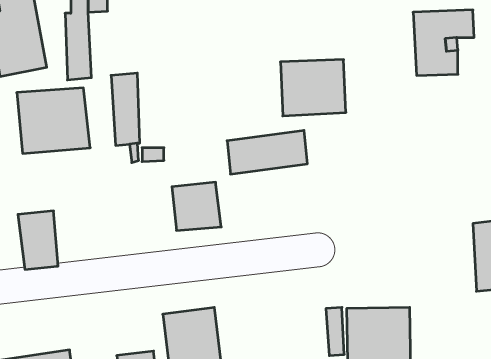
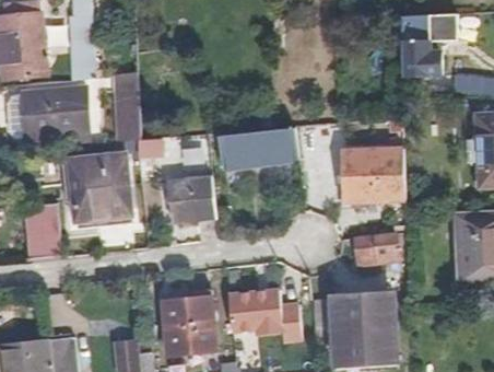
building: [280,60,346,116] -> [343,151,405,205]
building: none -> [67,155,128,220]
building: none -> [355,233,398,266]
building: none -> [226,288,299,339]

